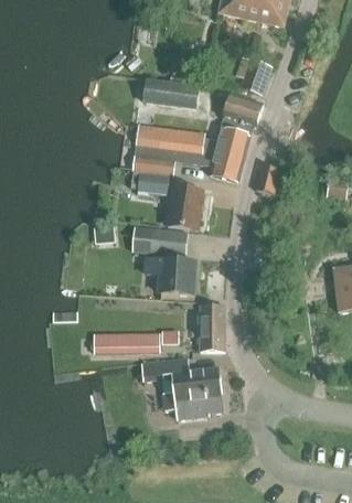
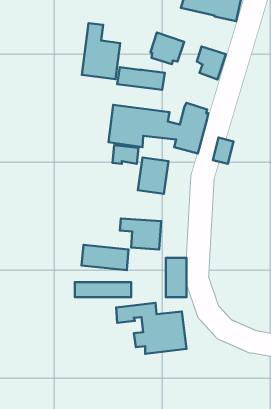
building: none -> [82,23,120,79]
building: [223,93,263,130] -> [150,32,184,64]
building: [130,226,185,256] -> [82,245,129,270]

